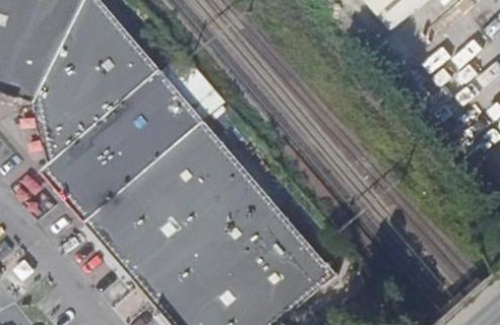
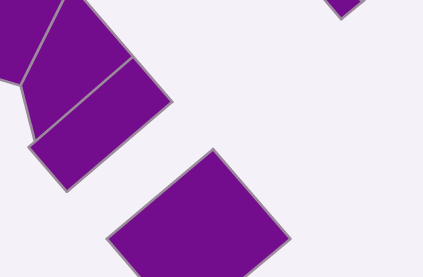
building: [84,120,248,273] -> none

